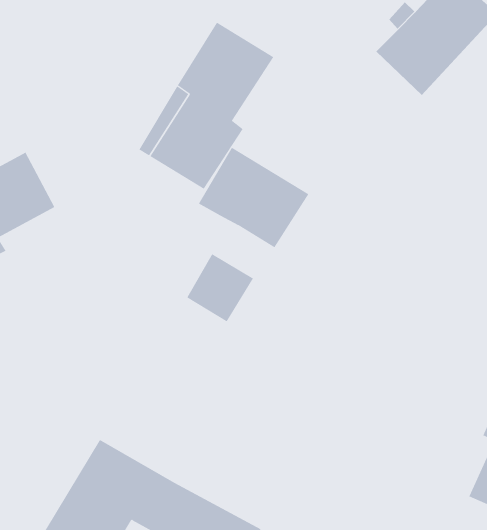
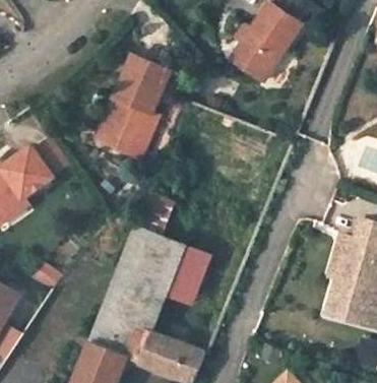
building: [198,147,309,248] -> none
building: none -> [101,226,208,332]

